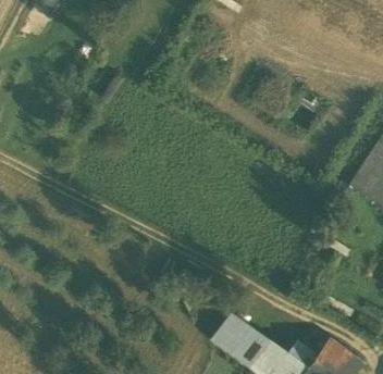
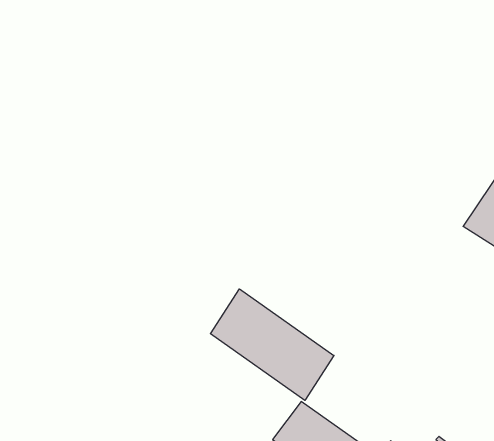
building: none -> [210,289,334,400]

